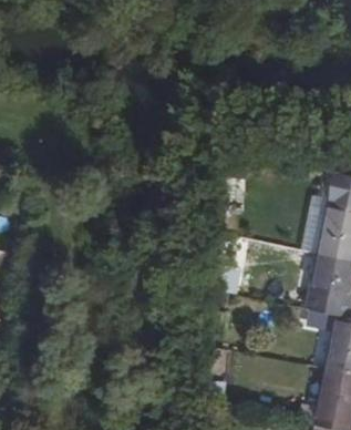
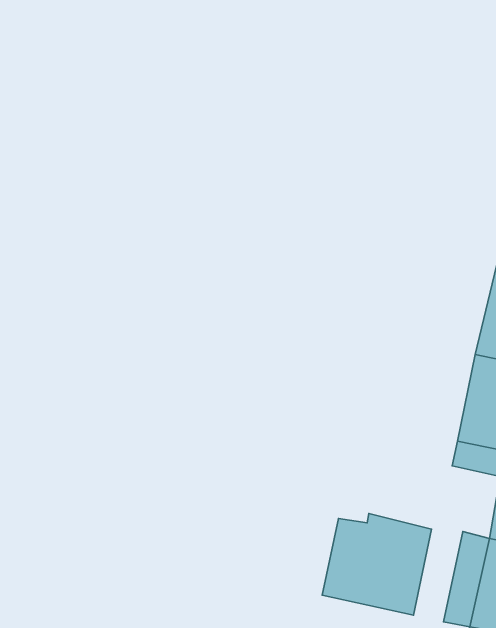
building: none -> [322,514,431,615]

